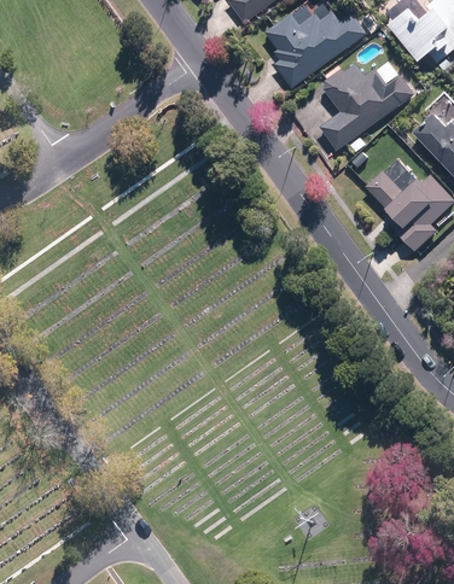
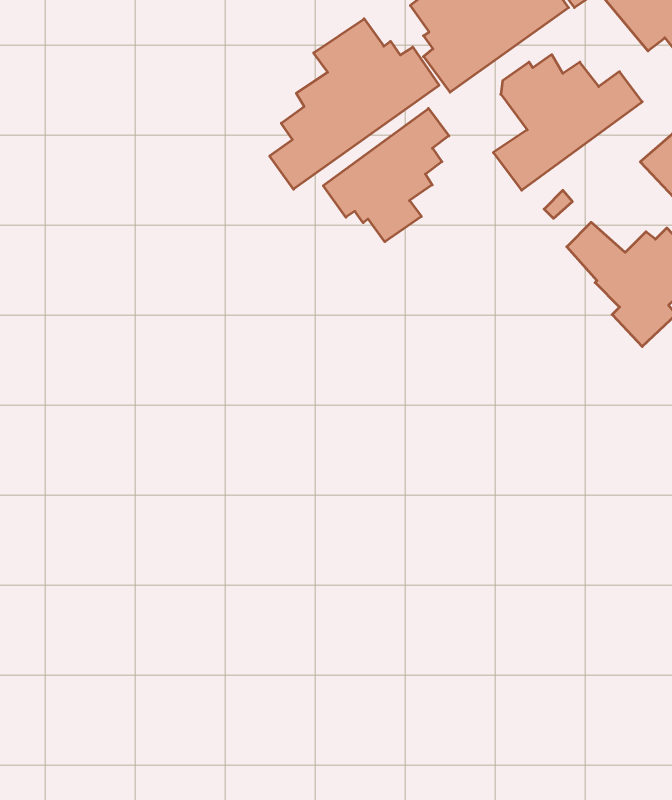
building: none -> [270,19,439,189]
building: none -> [323,108,449,242]

